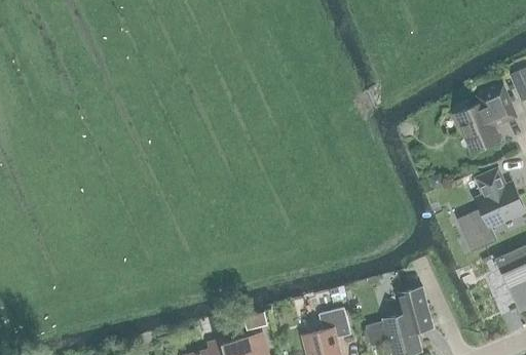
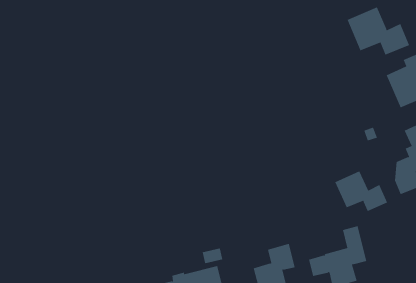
building: none -> [347,7,410,56]
building: none -> [335,171,388,212]

